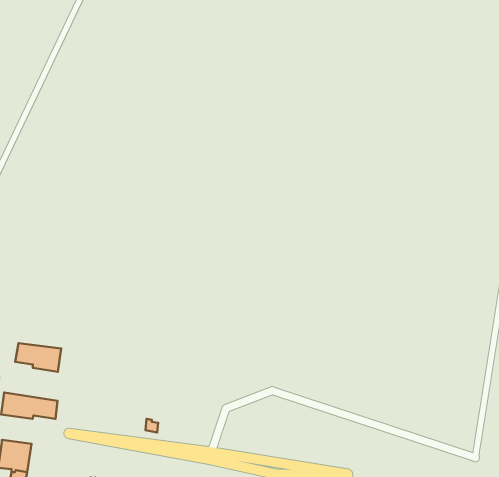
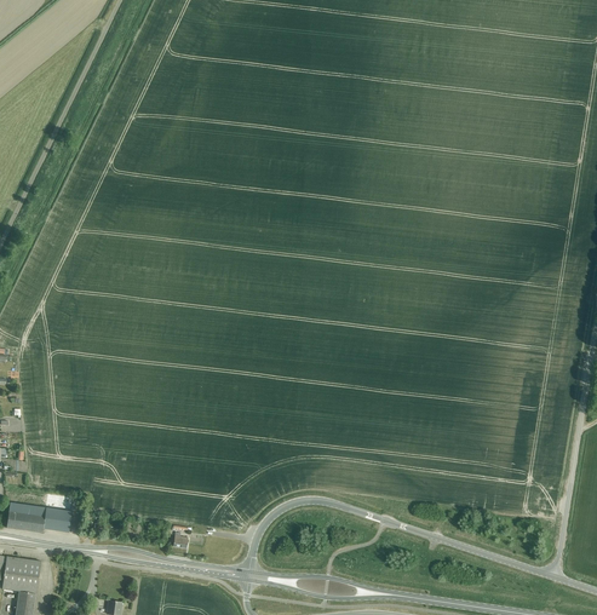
building: [15,343,61,372] -> none

